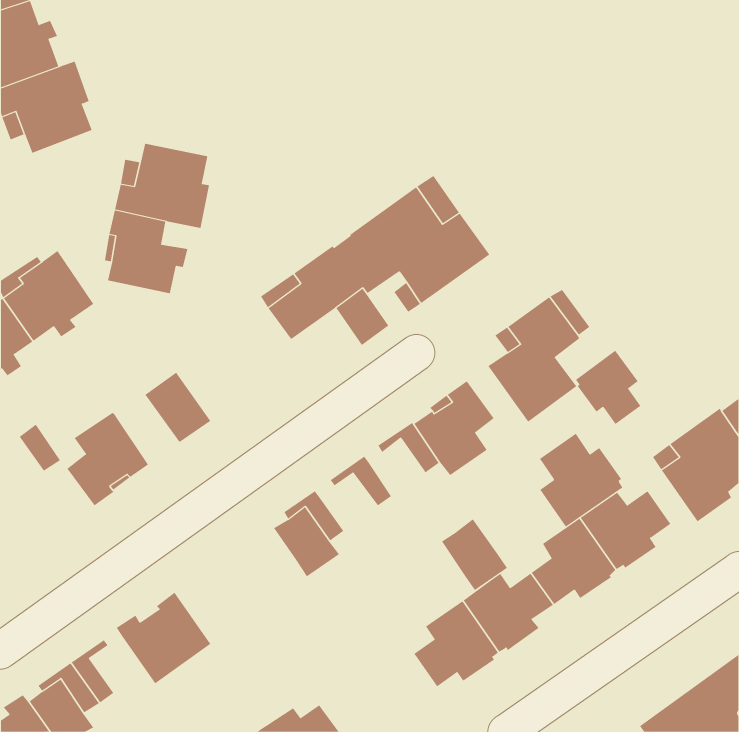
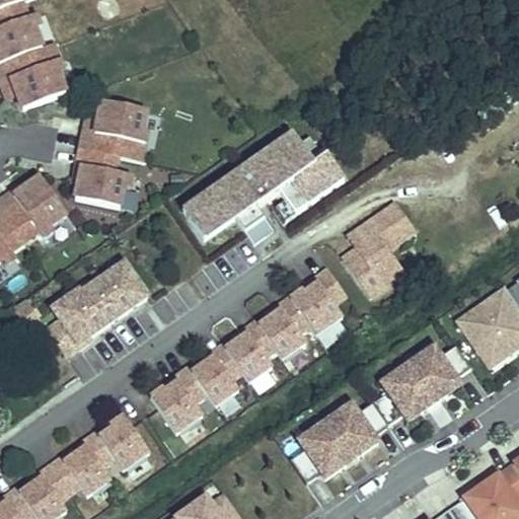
building: [575,350,641,425] -> none
building: none -> [81,277,126,325]
building: [539,433,623,528] -> none
building: none -> [224,331,272,381]
building: [441,518,508,591] -> [258,307,305,358]
building: none -> [150,365,207,432]
building: none -> [63,446,108,495]

